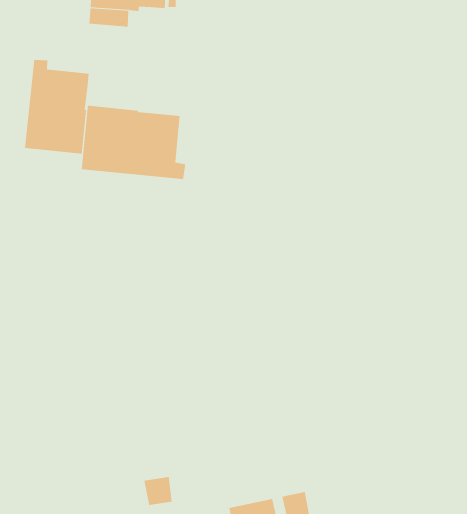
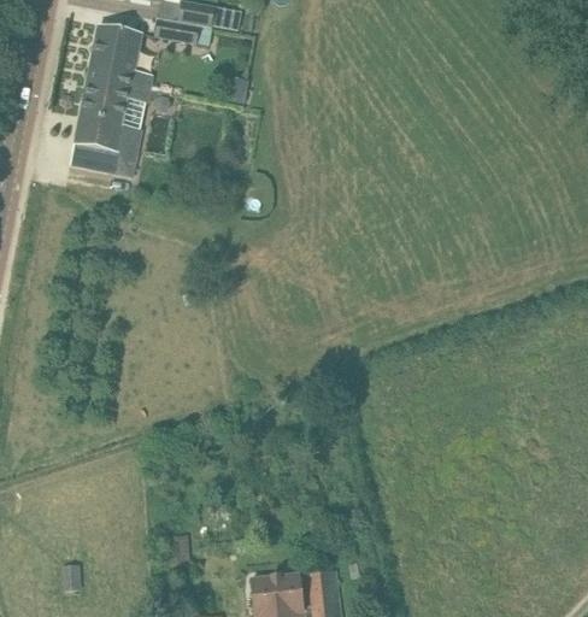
building: none -> [90,25,153,90]
building: [81,105,186,180] -> none

